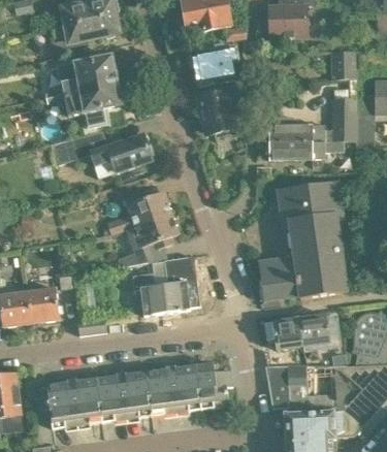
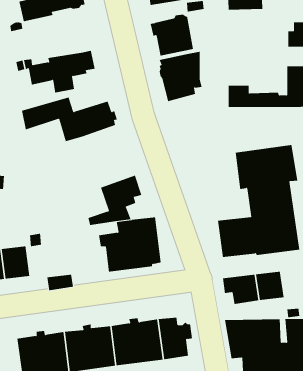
building: [58,55,116,95] -> none
building: [269,140,343,159] -> none
building: [106,190,171,233] -> none

